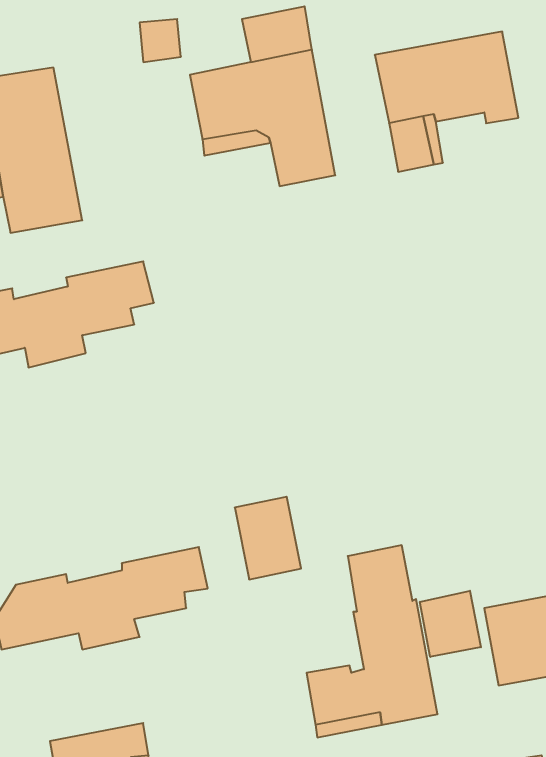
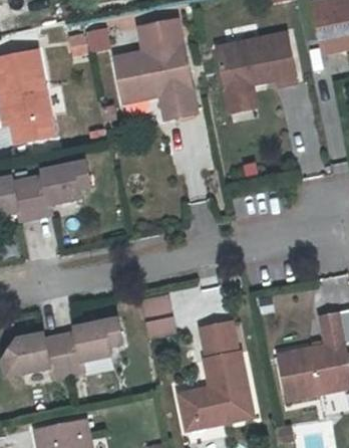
building: [420,591,481,657] -> none

